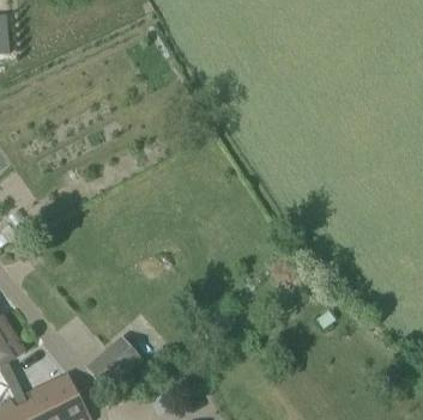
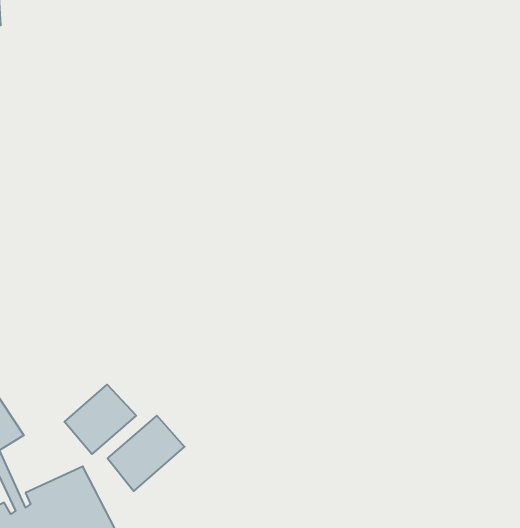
building: none -> [64,385,136,454]

